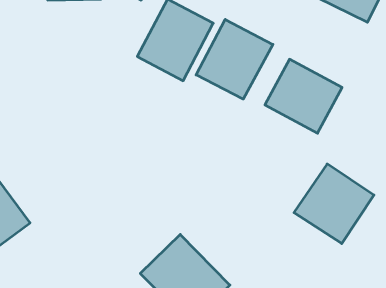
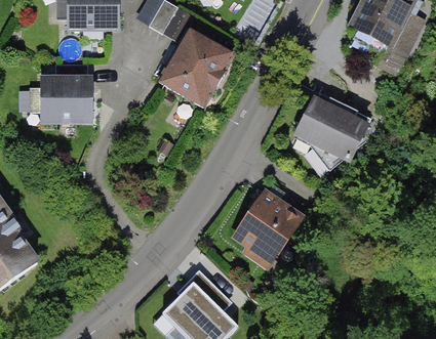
building: [196,19,273,99] -> none
building: none -> [36,77,91,124]
building: [294,164,374,244] -> [226,181,310,265]

